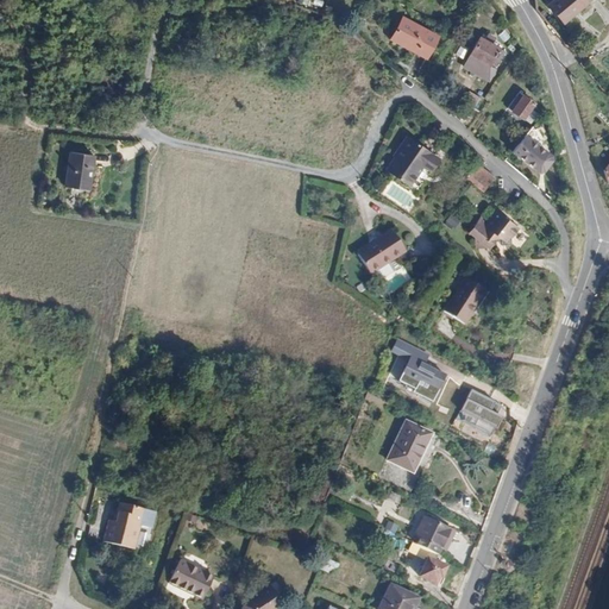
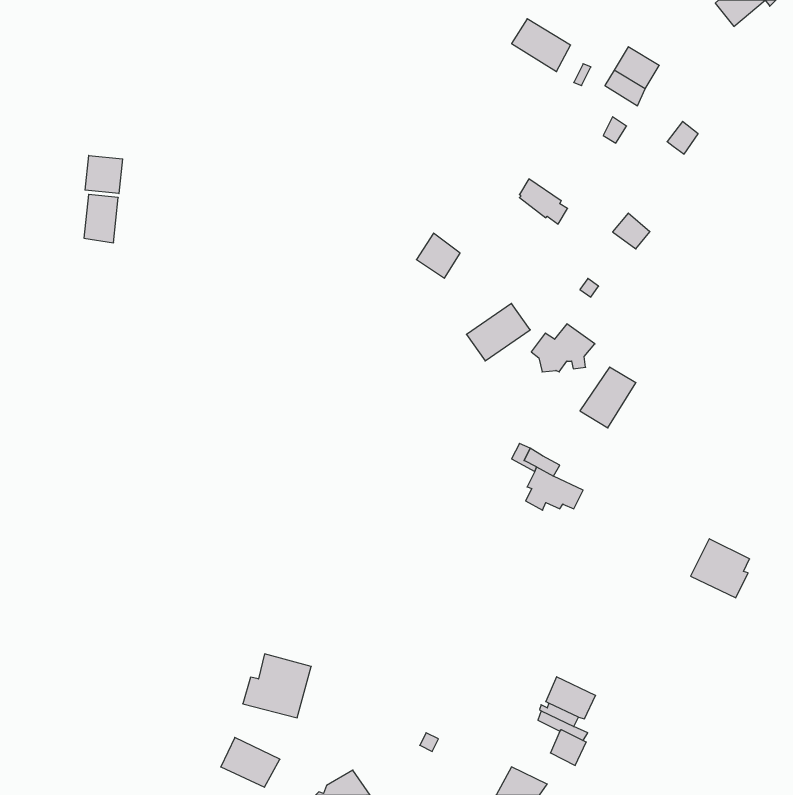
building: none -> [85,155,123,194]
building: [514,134,553,171] -> none
building: [385,151,419,186] -> [416,233,460,278]
building: [466,209,515,246] -> [531,324,595,372]
building: [457,390,502,435] -> [691,539,750,598]
building: [388,420,434,472] -> none
building: [106,508,158,557] -> [243,654,311,718]

